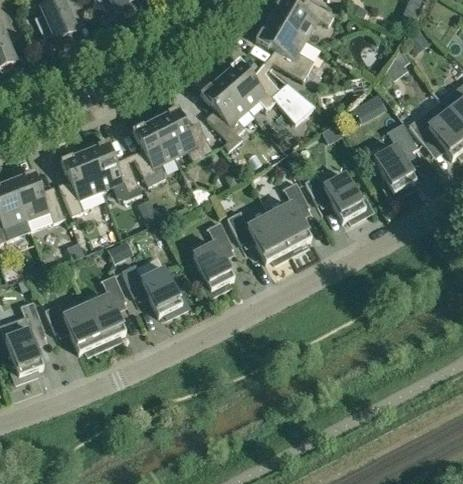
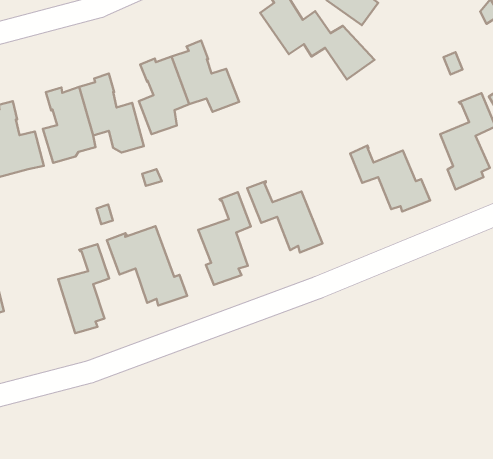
building: [199,76,247,147] -> none
building: [269,179,310,252] -> none
building: [44,301,103,352] -> none

